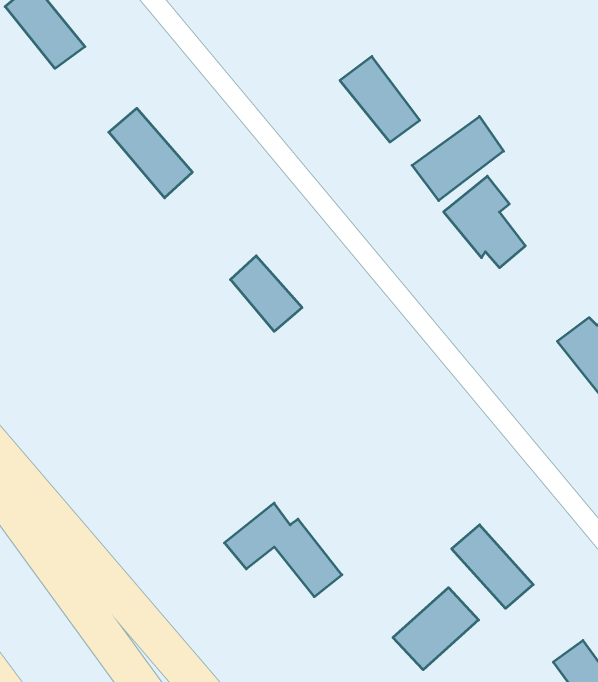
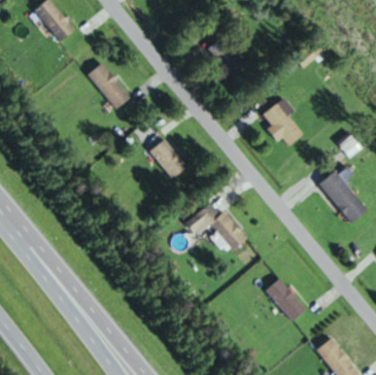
building: [412,116,504,201] -> none
building: [224,503,342,597] -> [185,202,246,250]
building: [393,588,479,670] -> none

